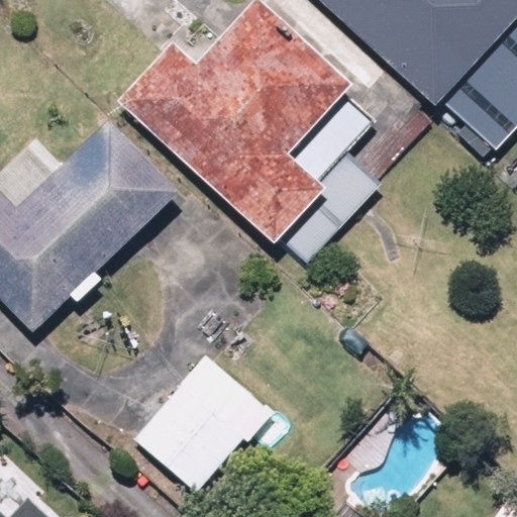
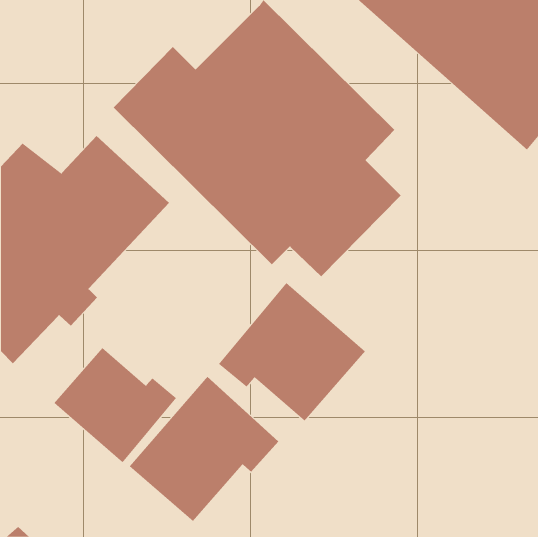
building: none -> [218,282,366,422]
building: none -> [53,347,177,463]

